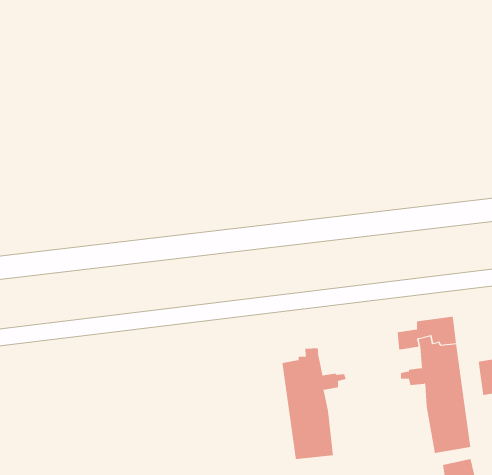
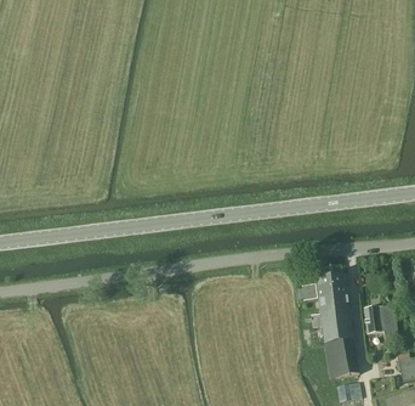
building: [282,348,346,460] -> none

